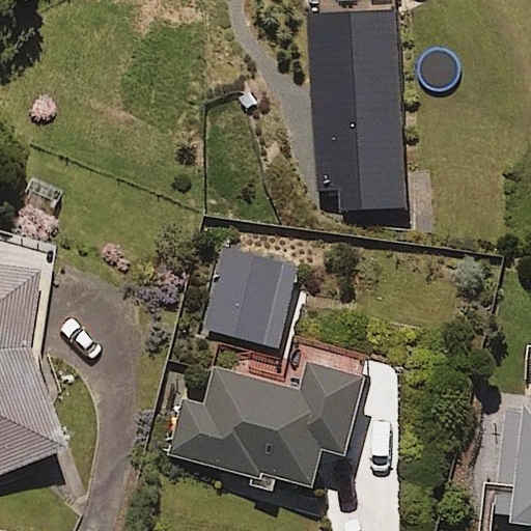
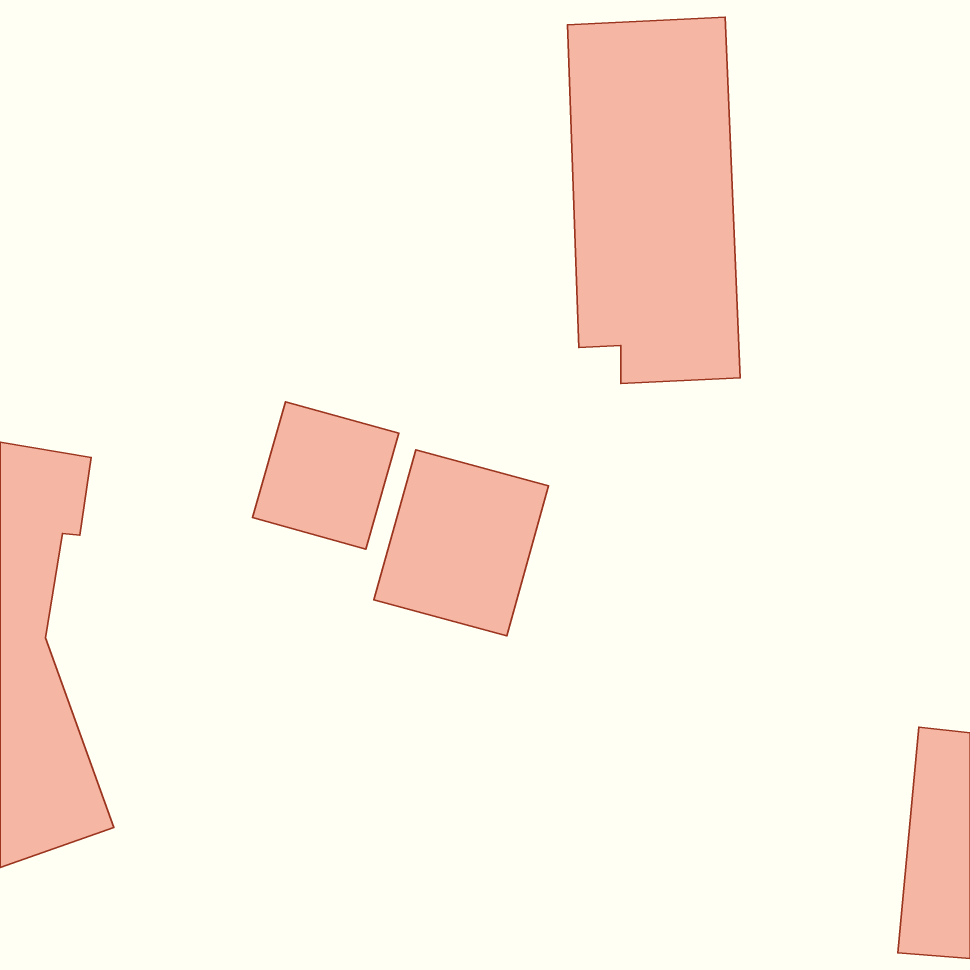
building: none -> [252,402,399,549]
building: [170,362,365,491] -> none

